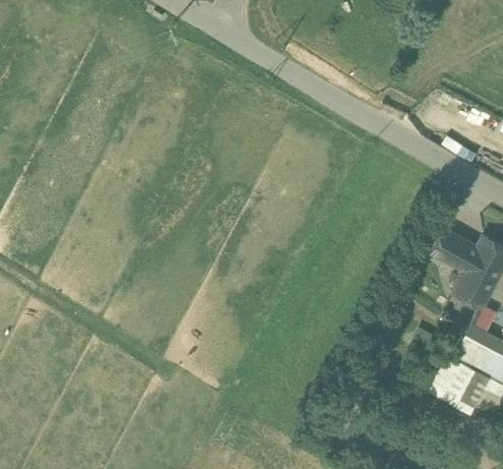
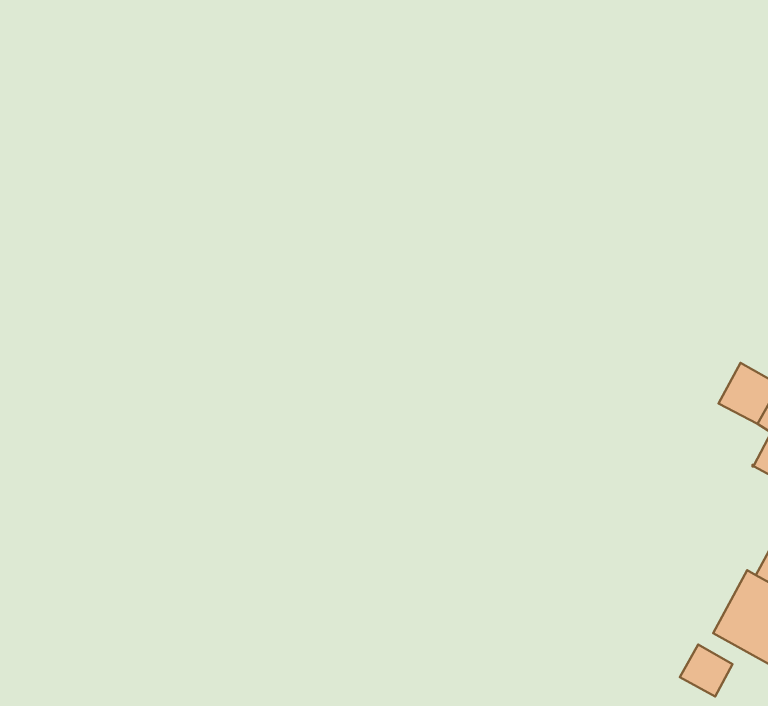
building: none -> [680,644,732,696]

